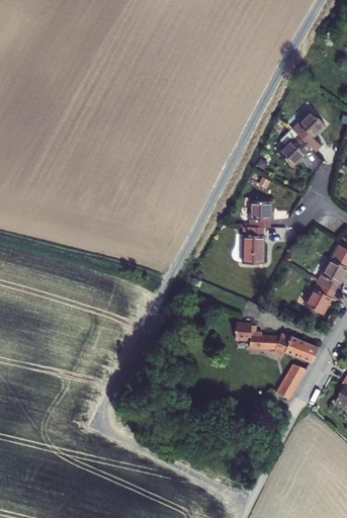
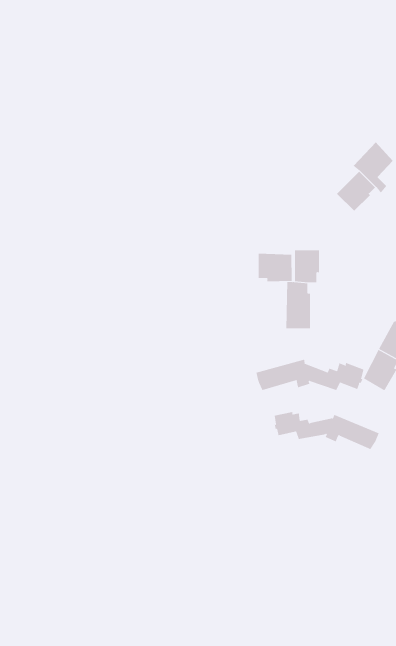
building: none -> [258,253,292,282]
building: none -> [256,359,364,391]
building: [277,361,307,400] -> none

